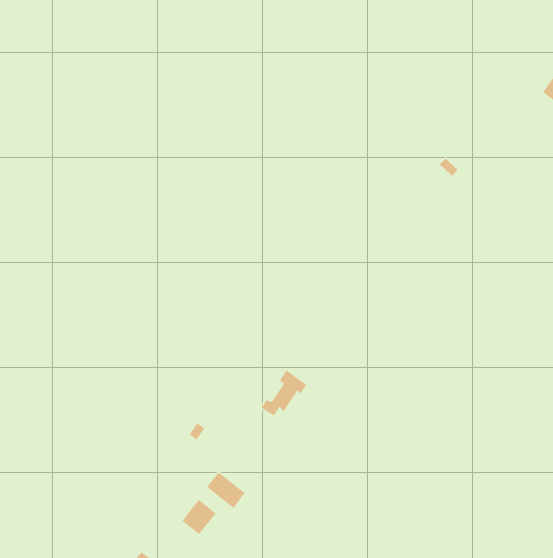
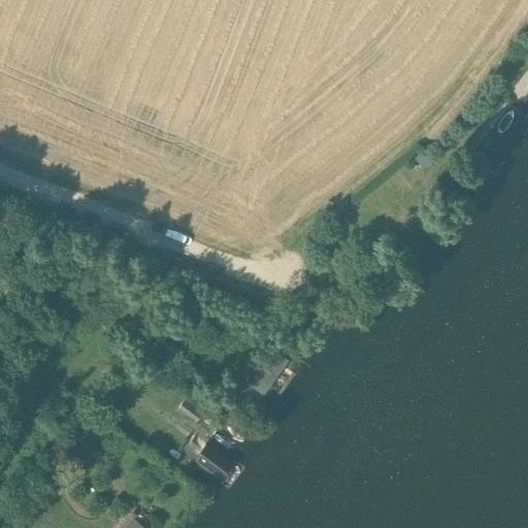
building: [181,499,217,535] -> none

